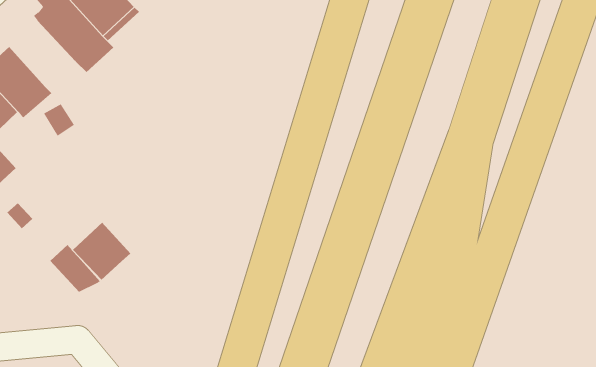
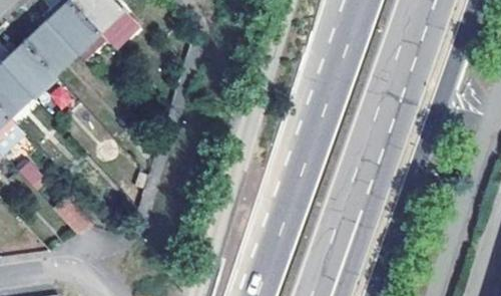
building: none -> [22,21,74,73]
building: [72,222,131,280] -> none

